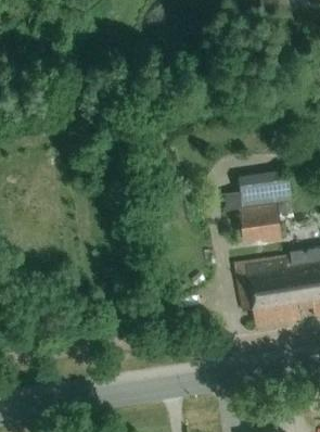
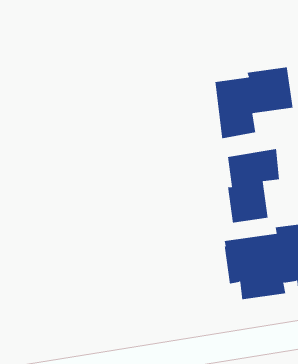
building: none -> [215,66,293,139]

